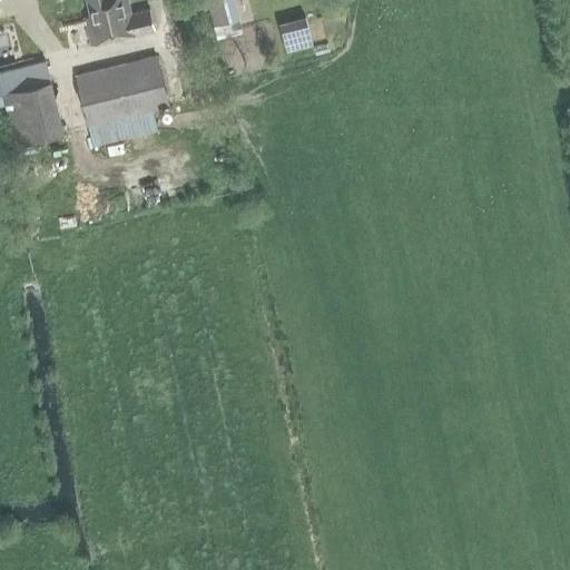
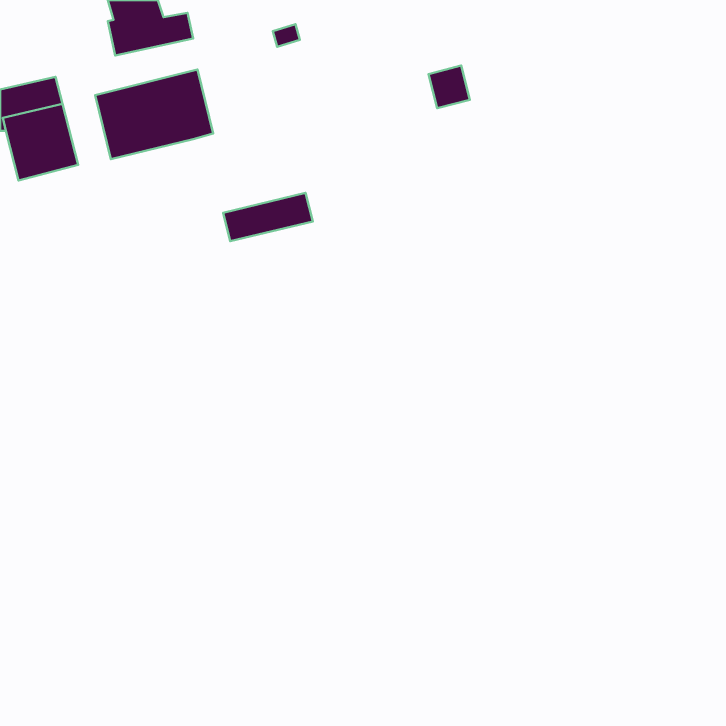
building: [279,17,312,50] -> [429,66,470,108]
building: [87,109,157,147] -> [223,193,313,241]

